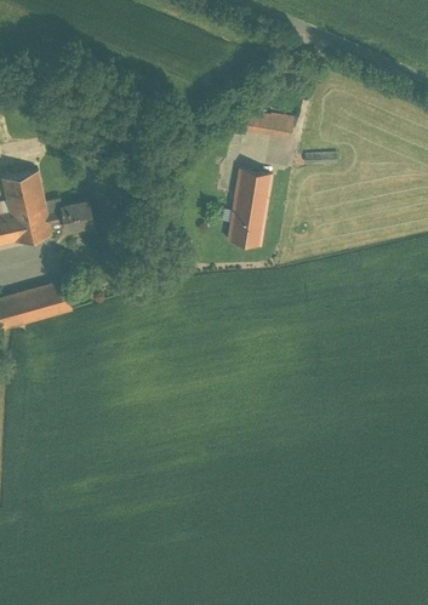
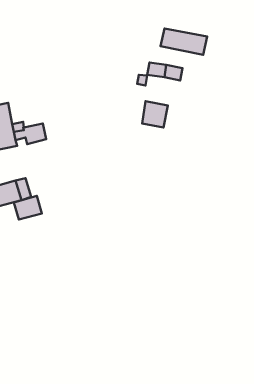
building: none -> [160,29,207,55]
building: [228,202,266,247] -> none
building: none -> [14,196,42,219]

